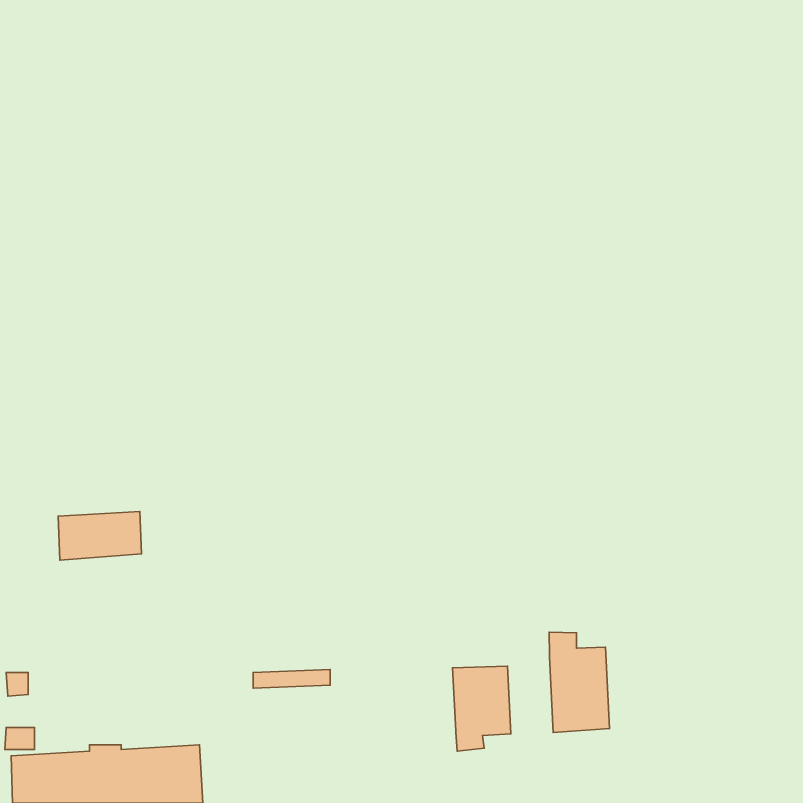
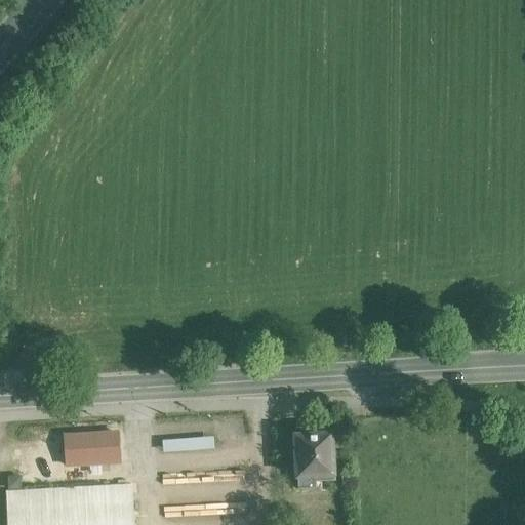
building: [58,512,142,560] -> [65,434,119,466]
building: [549,632,609,733] -> none

